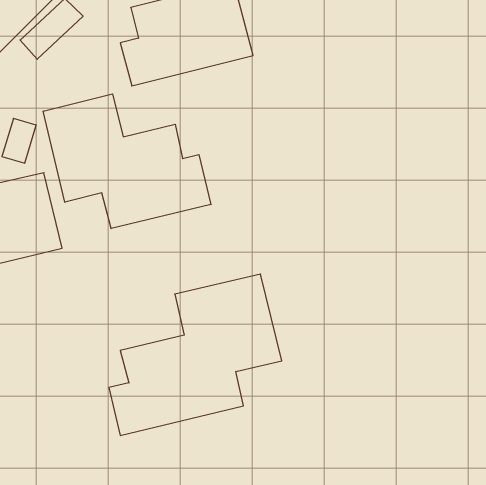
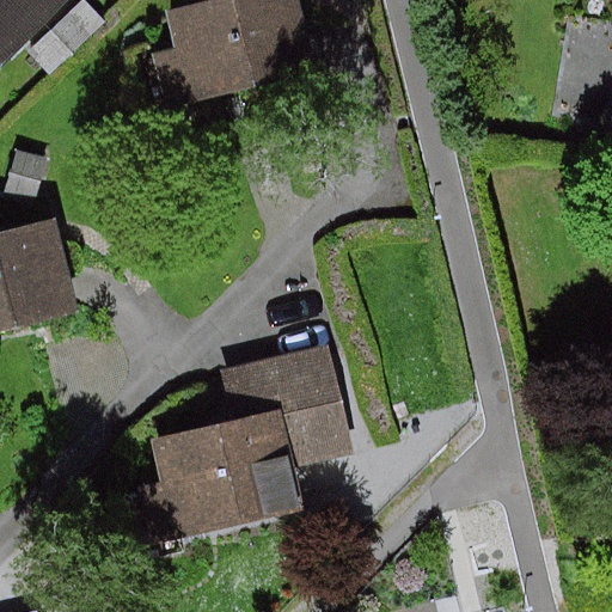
building: [43,94,211,229] -> none

